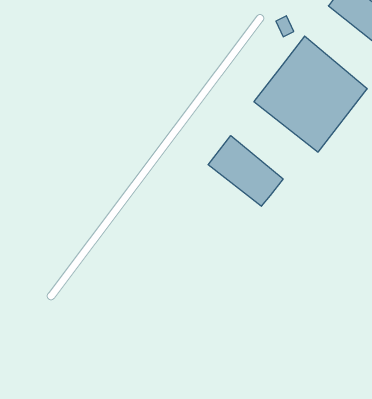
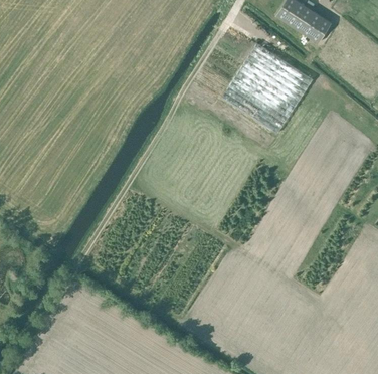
building: [208,136,283,206] -> none

